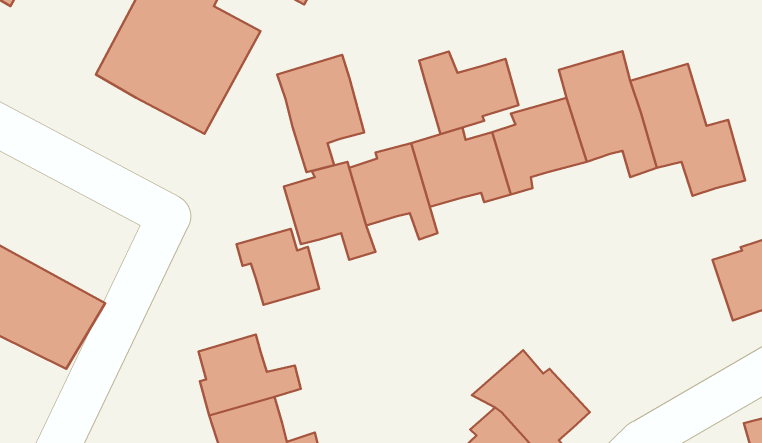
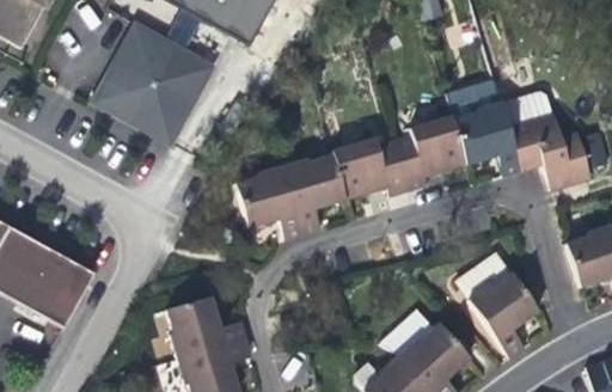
building: [419,51,518,134] -> none
building: [277,55,364,172] -> none
building: [236,229,319,305] -> none
building: none -> [453,253,538,357]

